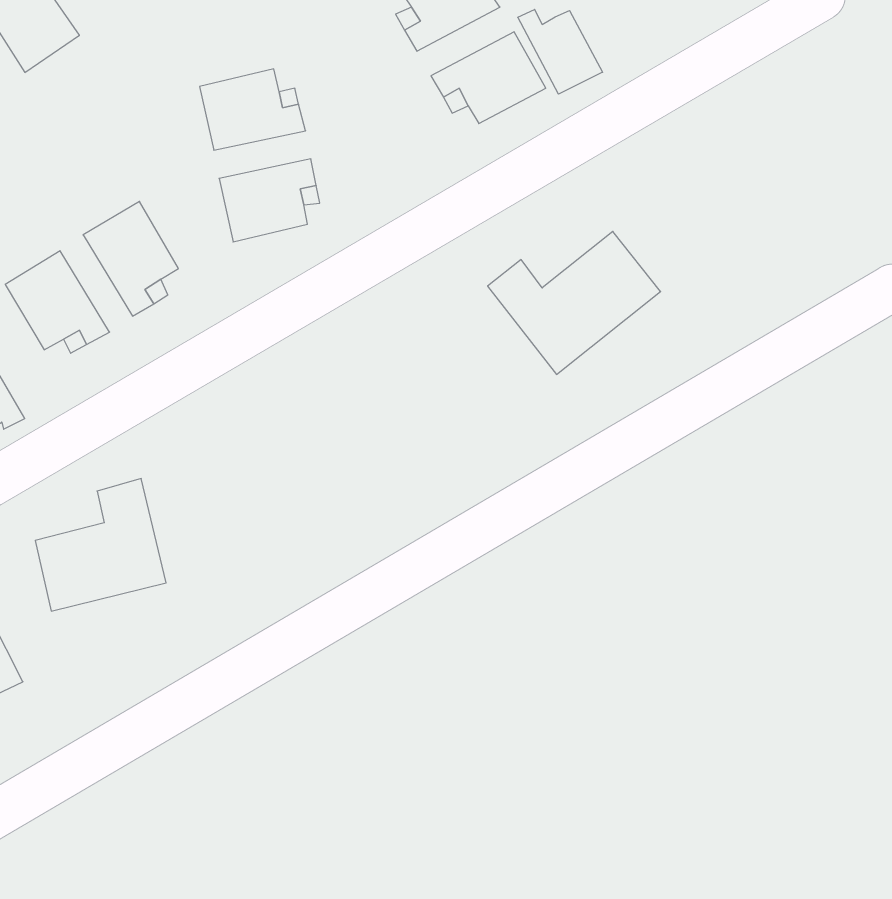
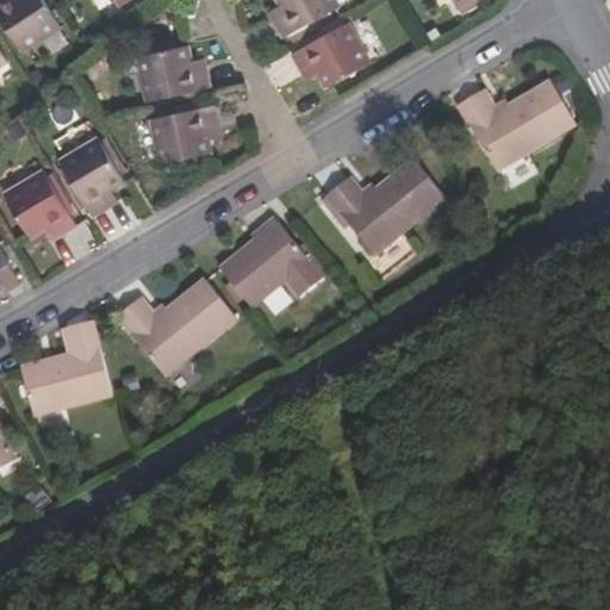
building: [518,9,603,94] -> none
building: none -> [460,82,575,170]
building: none -> [220,216,323,306]
building: none -> [119,279,237,374]

